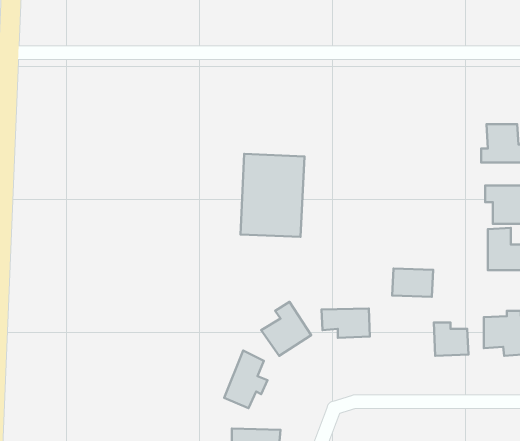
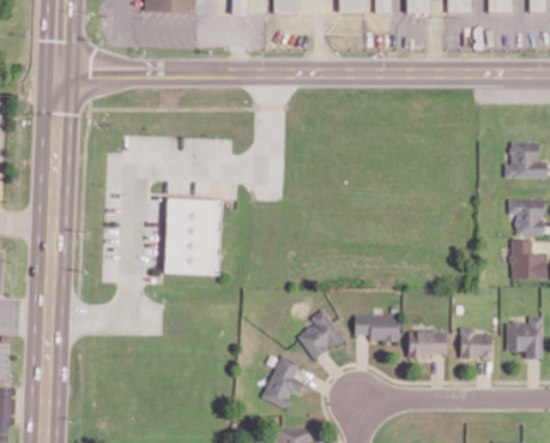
building: [240,154,304,237] -> [168,194,228,273]
building: [392,269,433,297] -> [407,330,446,357]

